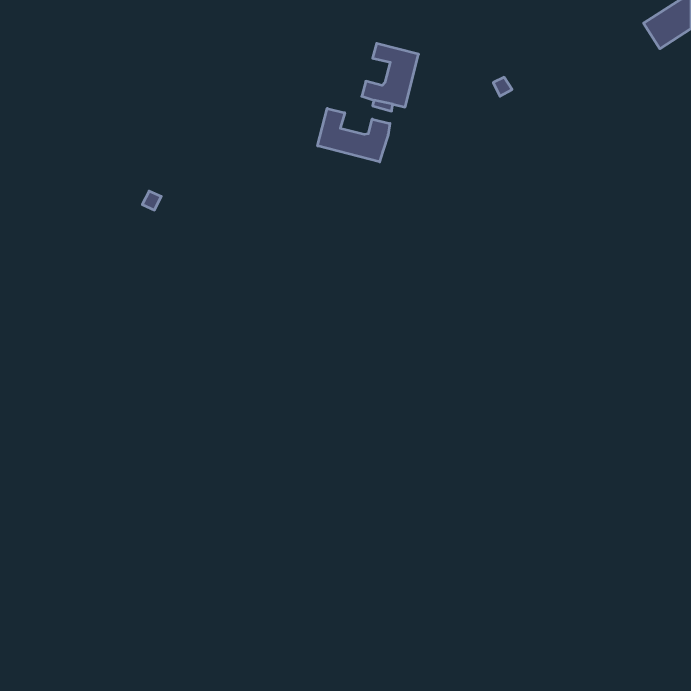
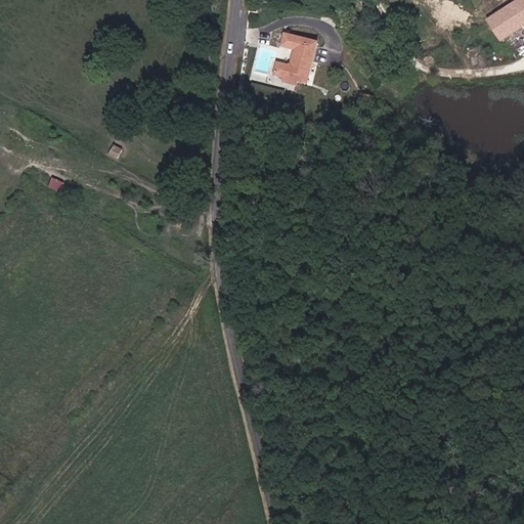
building: [318,108,390,162] -> none

